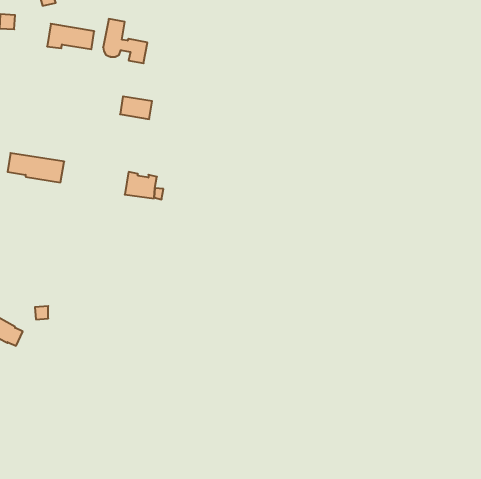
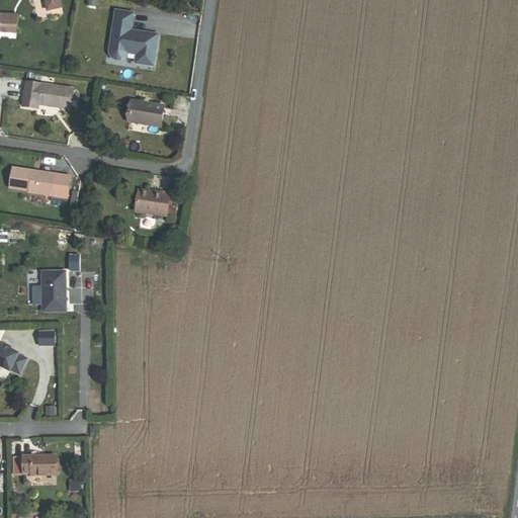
building: [47,24,94,49] -> [21,83,72,110]
building: none -> [40,267,64,308]
building: none -> [20,454,54,473]

